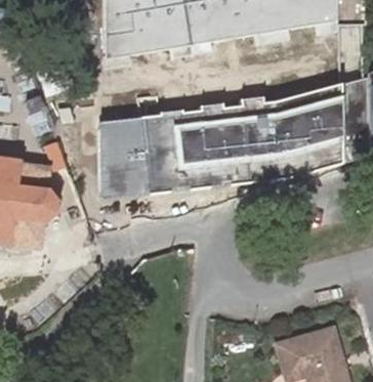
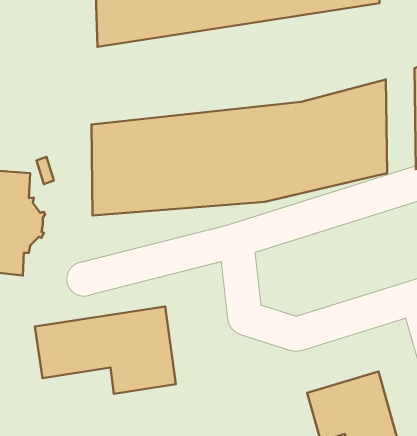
building: none -> [35,306,176,394]

